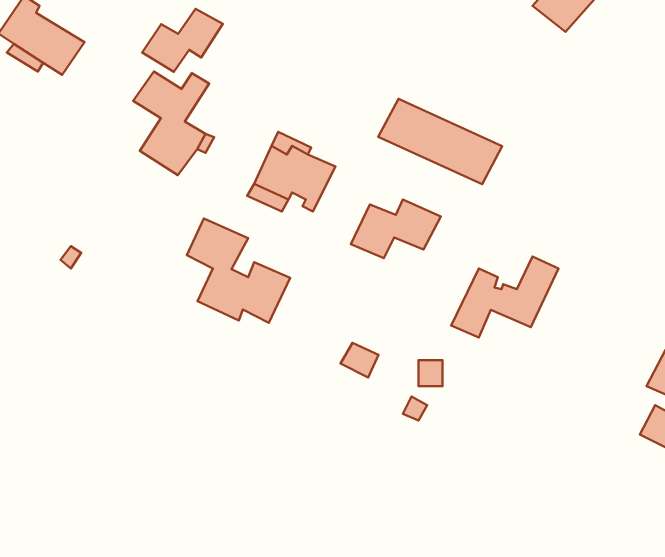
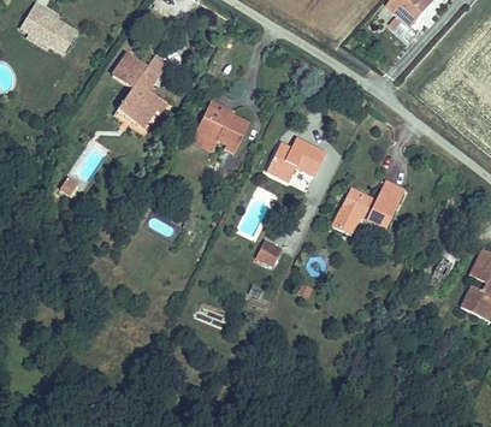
building: [142,9,223,72] -> none
building: [378,99,502,184] -> none
building: [187,218,290,323] -> none

